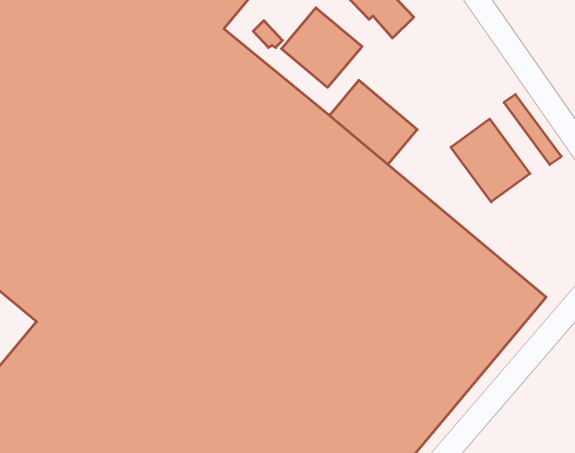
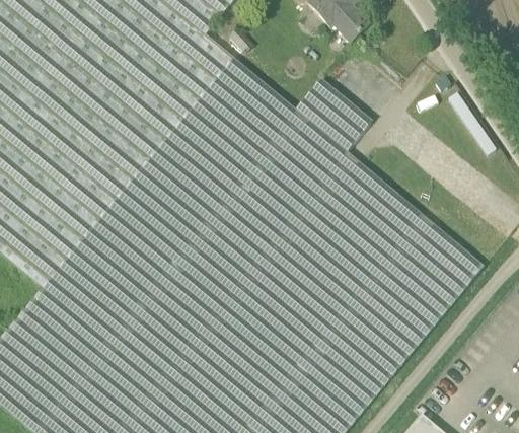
building: [281,8,362,87] -> none
building: [451,119,530,202] -> none

